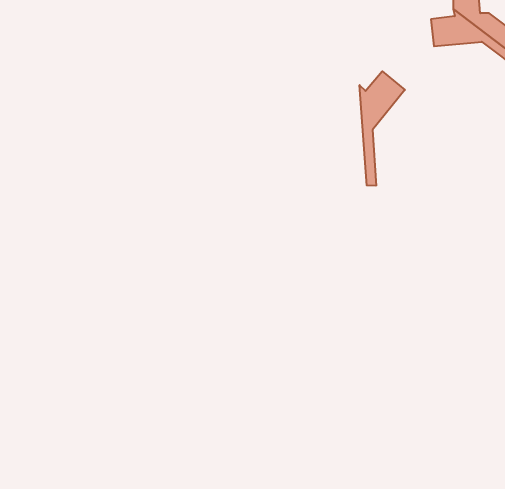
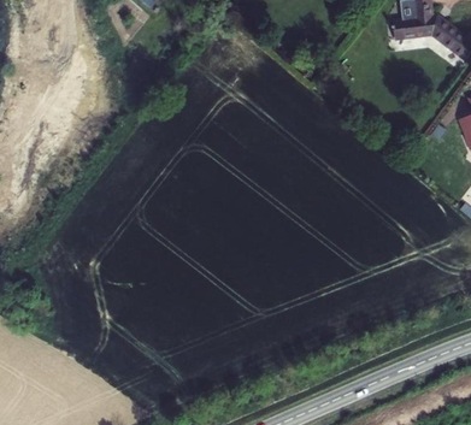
building: [360,71,405,186] -> none

